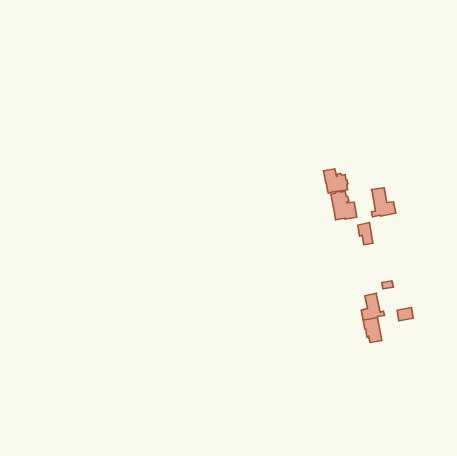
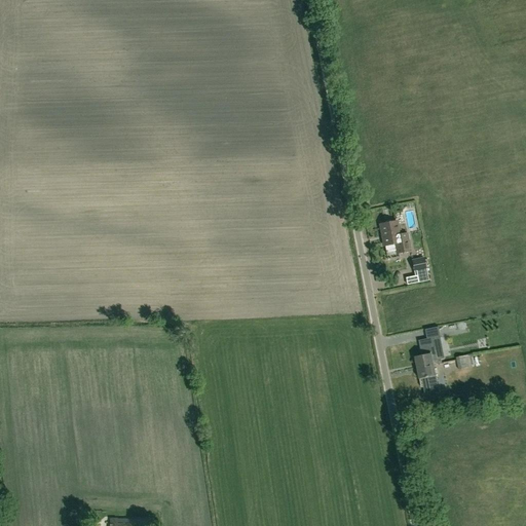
building: [323,169,348,193] -> none
building: [372,188,396,217] -> none

